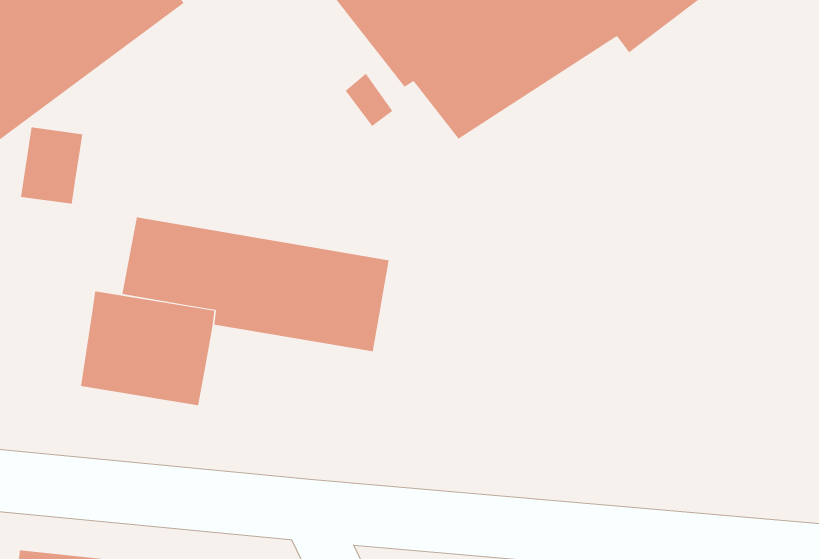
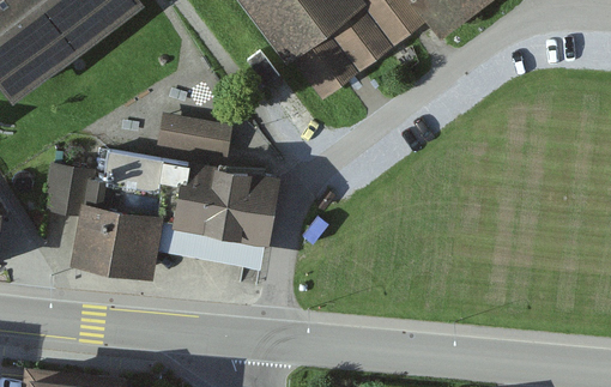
building: [20,127,83,204] -> [44,162,86,213]
building: none -> [157,115,234,156]
building: none -> [156,220,267,267]

